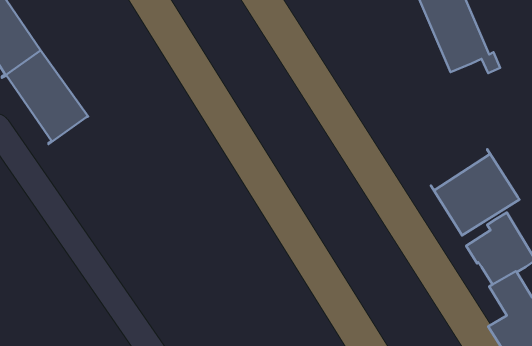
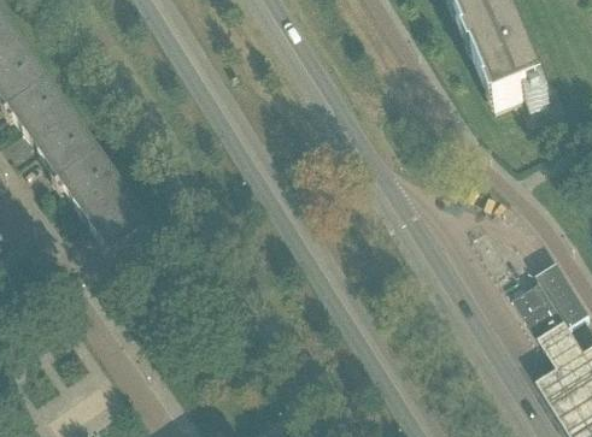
building: none -> [55,148,151,250]
building: [431,149,520,235] -> none

